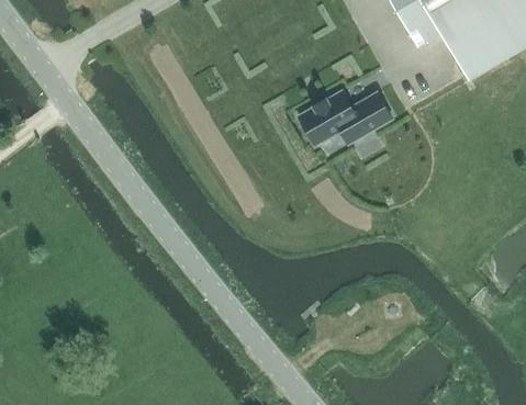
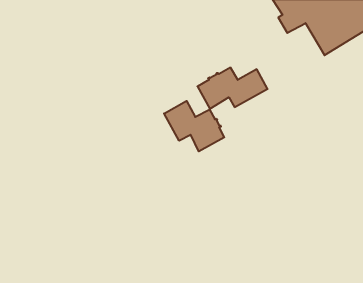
building: none -> [164,101,224,151]

